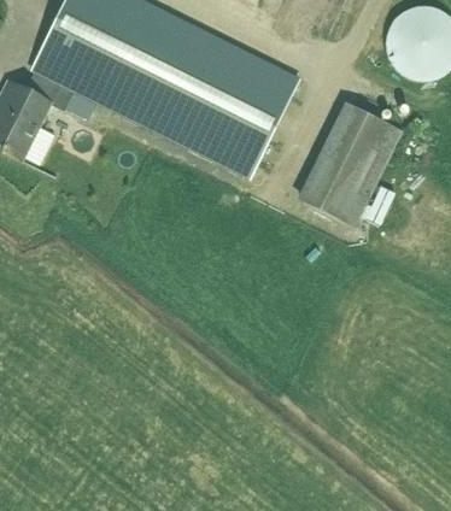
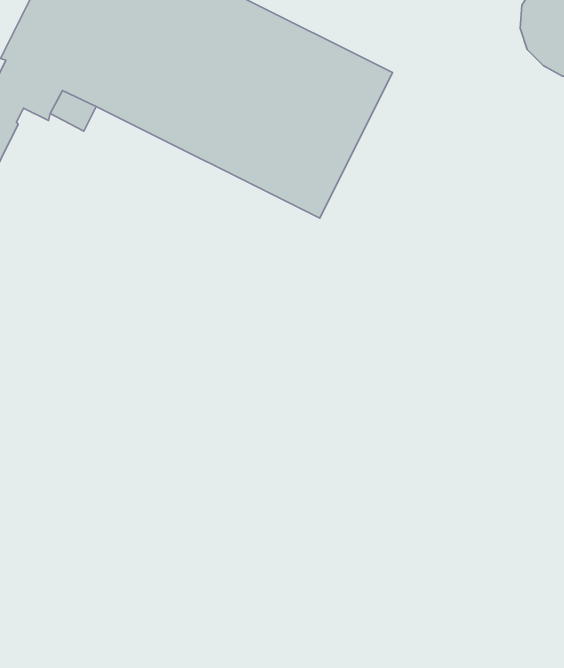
building: [300,102,400,225] -> none

